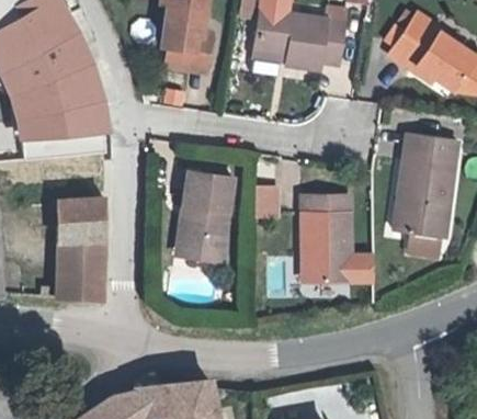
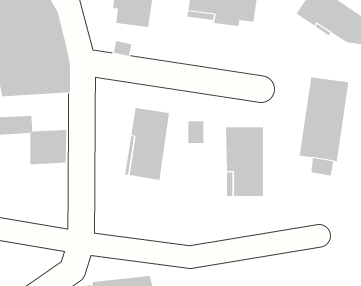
building: [55,240,103,303] -> none

